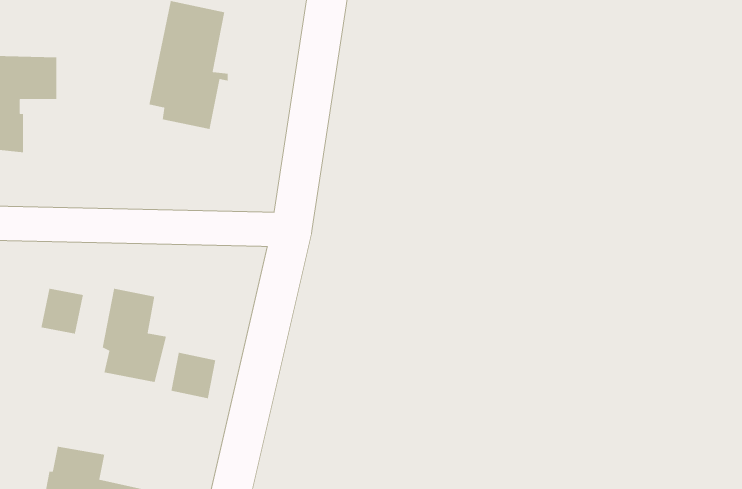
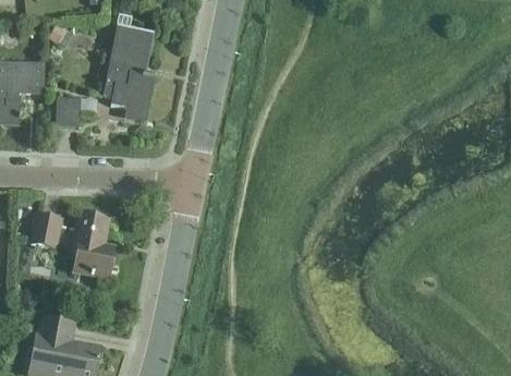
building: none -> [56,98,80,125]
building: [171,352,216,399] -> none

